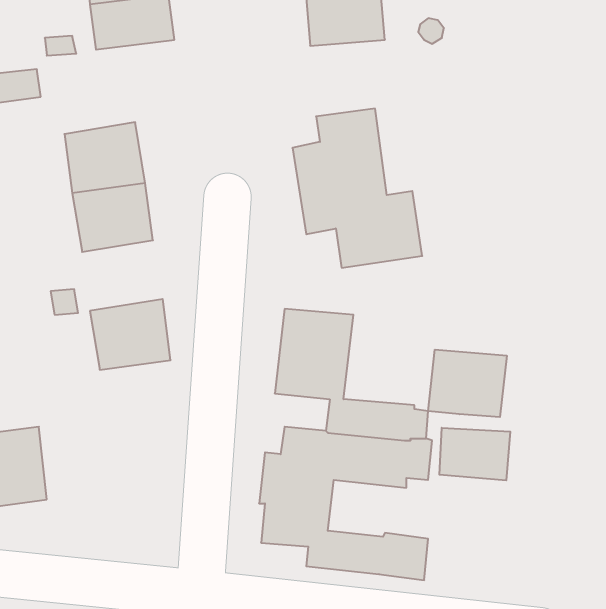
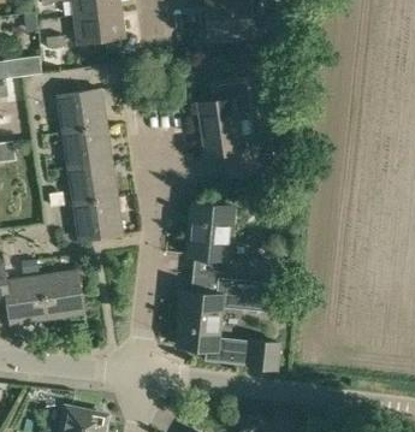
building: none -> [67,161,117,205]
building: [428,350,507,417] -> none
building: none -> [41,270,83,320]
building: [439,428,510,480] -> none

